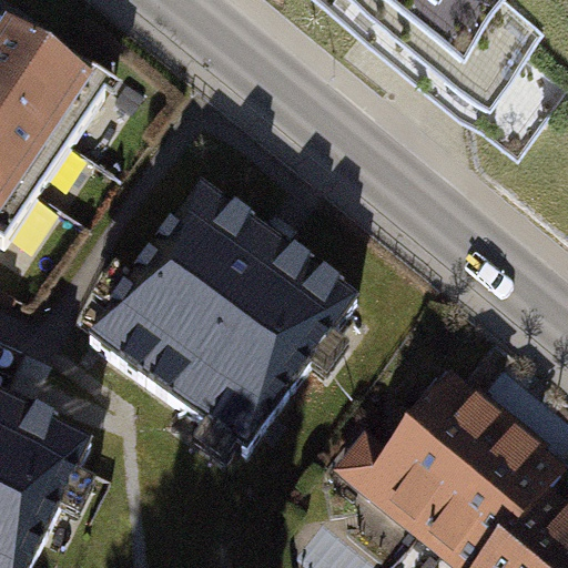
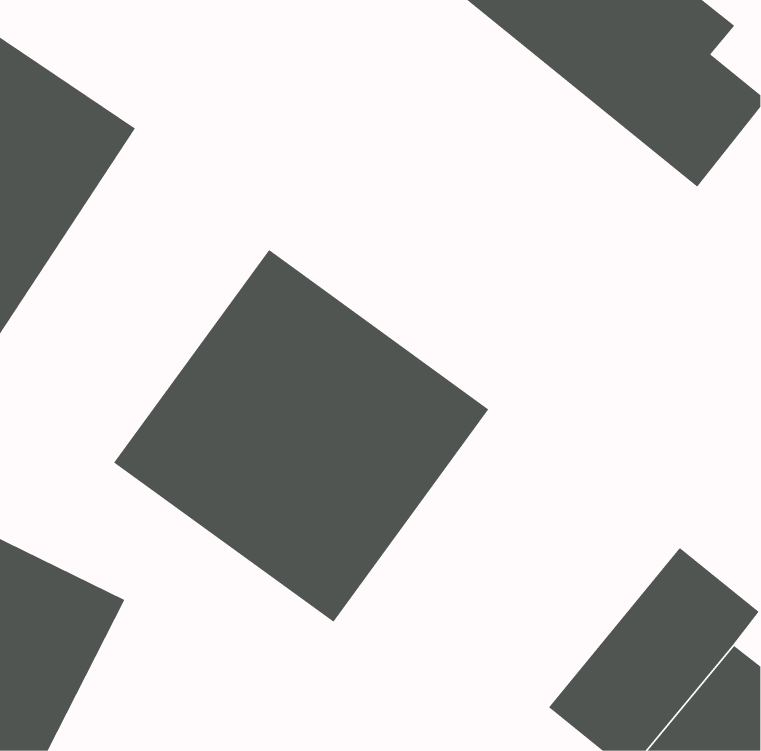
building: [329,358,499,519] -> none

